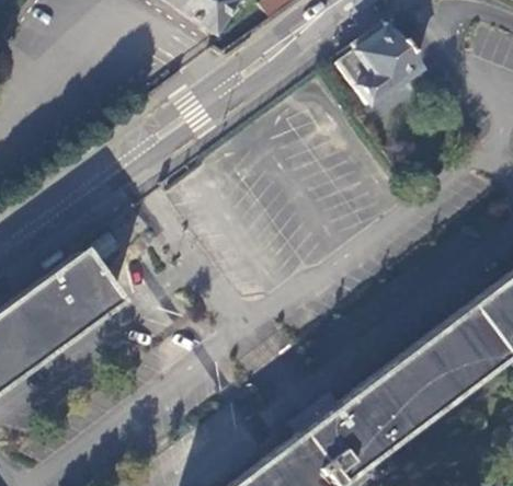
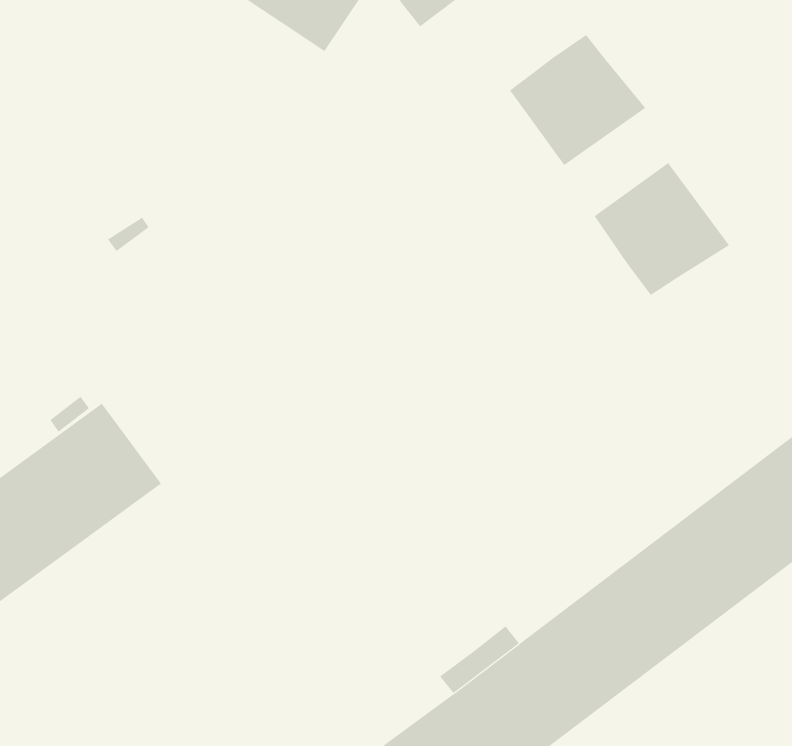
building: none -> [594,162,730,296]

